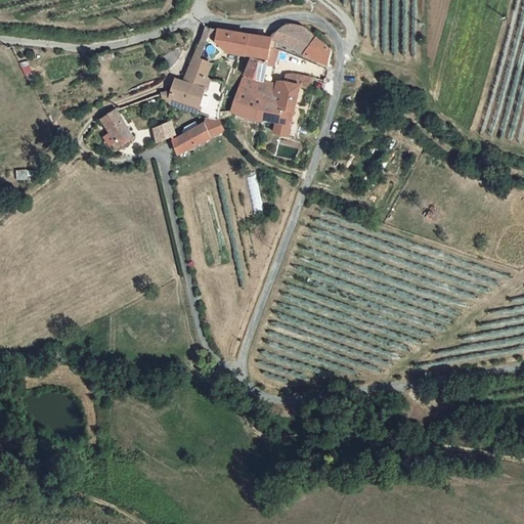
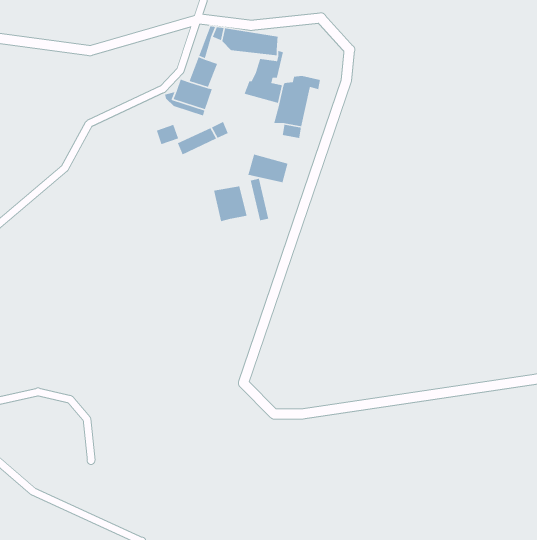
building: [268,26,330,67] -> none
building: [229,92,269,121] -> [247,154,288,183]
building: [100,111,130,145] -> none
building: none -> [213,185,247,222]

